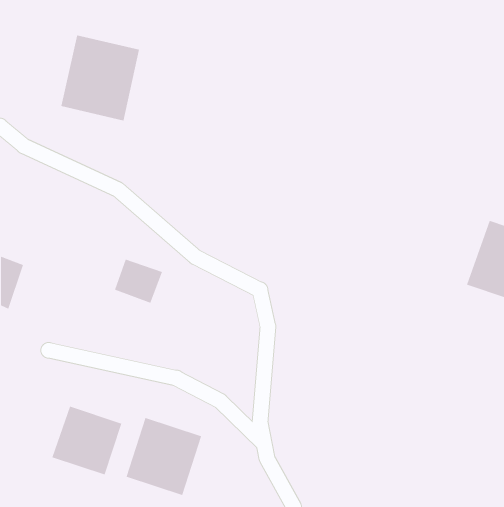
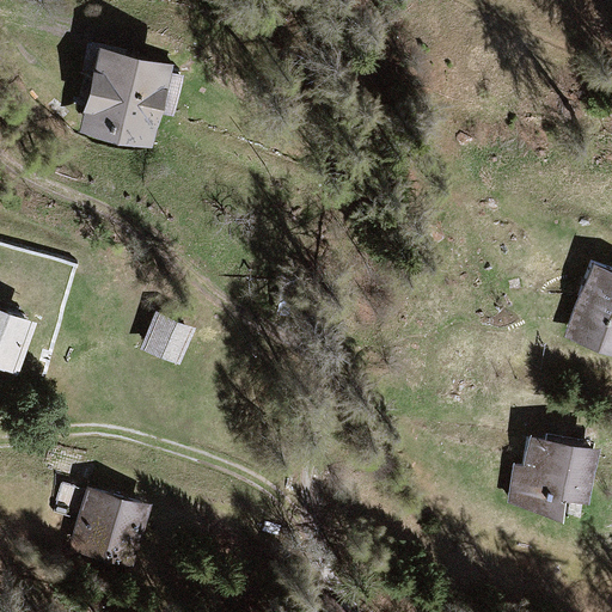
building: none -> [516,436,596,520]
building: [126,417,202,496] -> none

